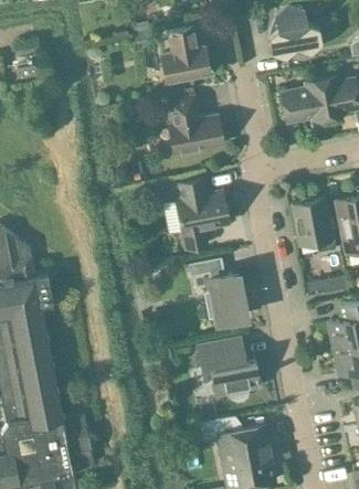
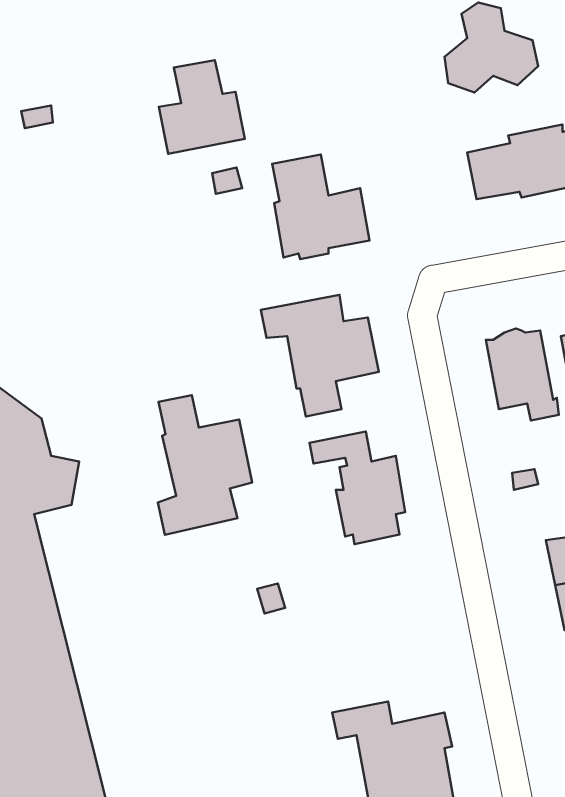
building: [160,28,211,83] -> [159,60,245,154]
building: none -> [158,395,252,535]
building: [197,337,262,402] -> none

